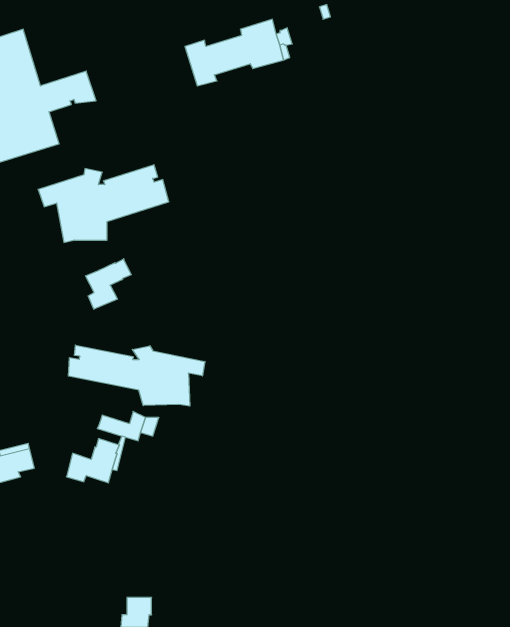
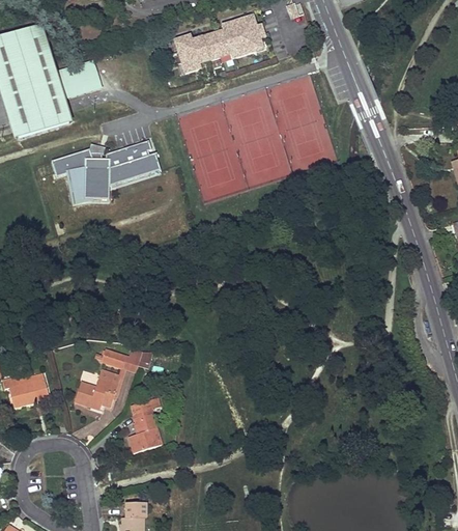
building: [86,259,131,309] -> none
building: [68,345,205,406] -> none
building: none -> [128,397,162,453]

